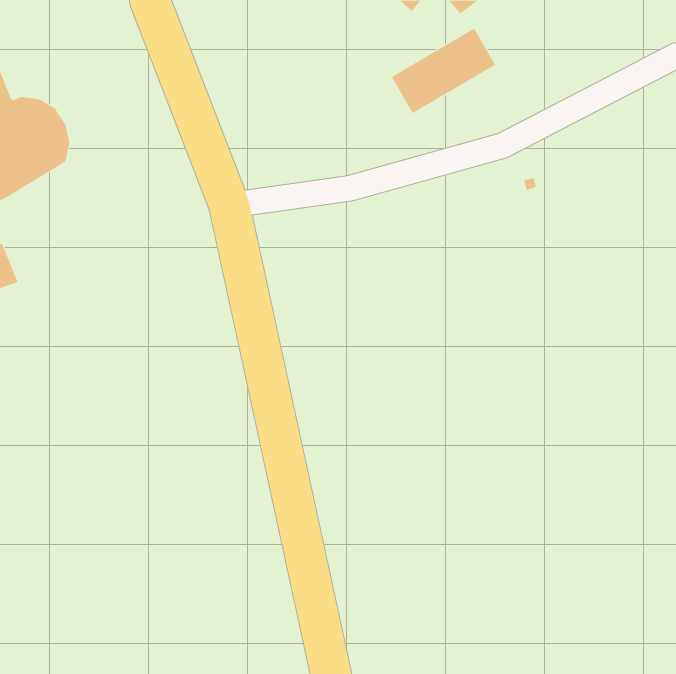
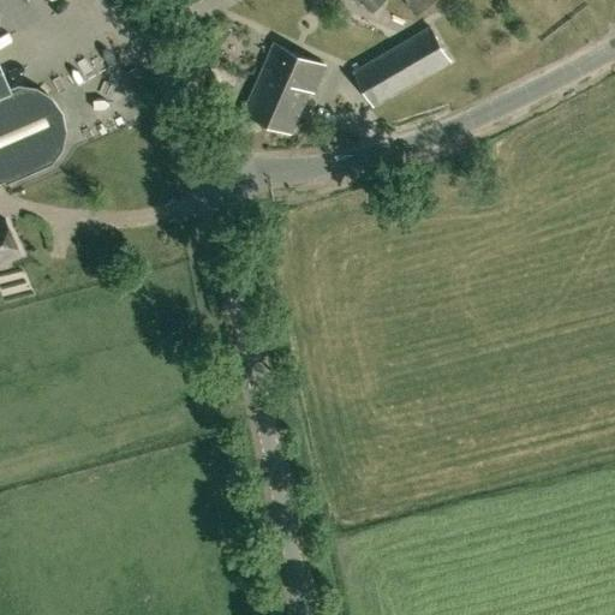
building: none -> [244,43,324,133]

